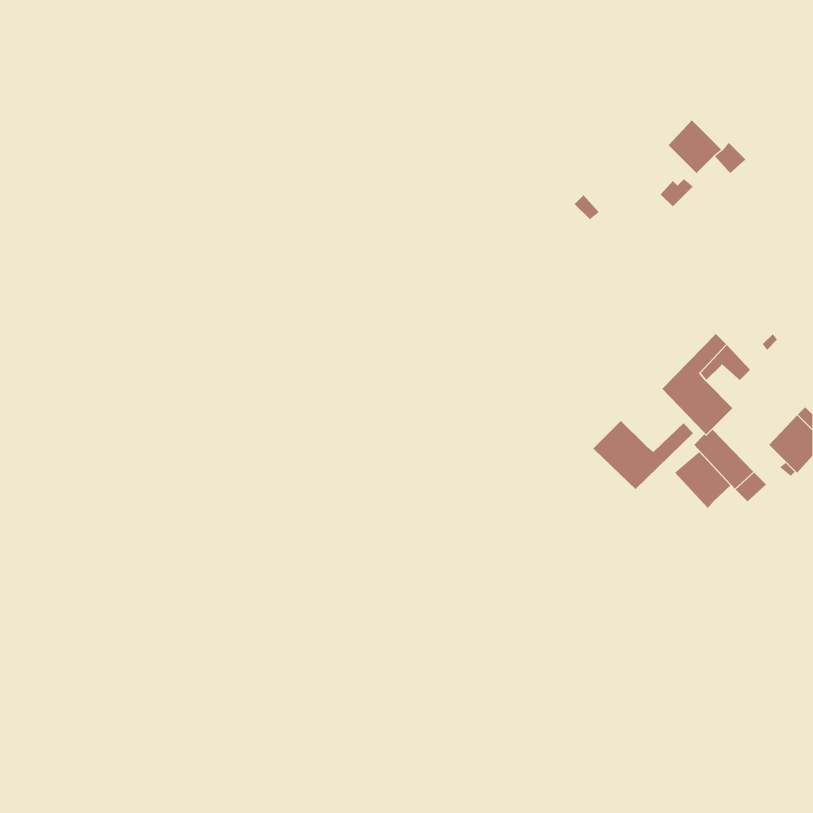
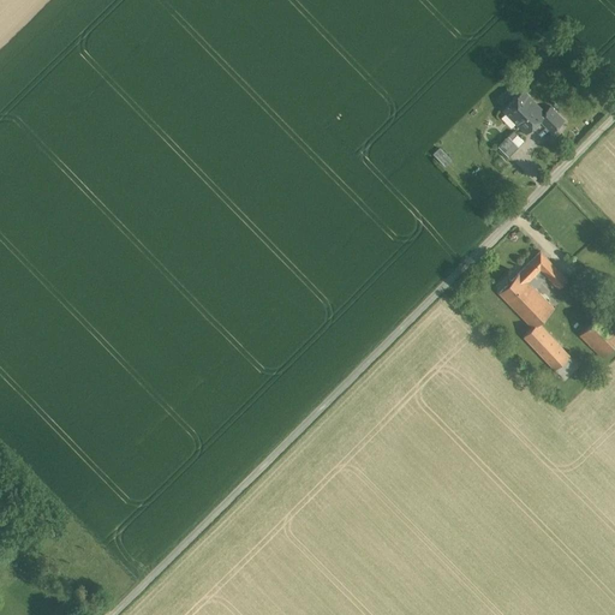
building: [592,420,694,490] -> none
building: [674,451,731,509] -> none

